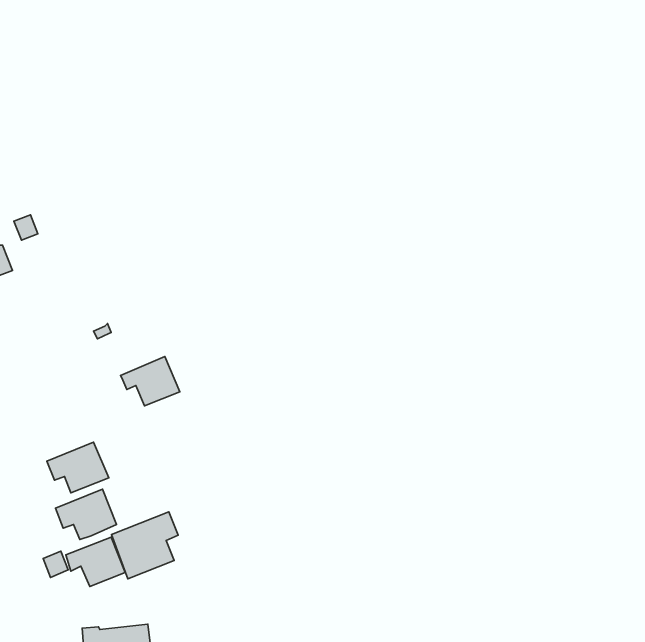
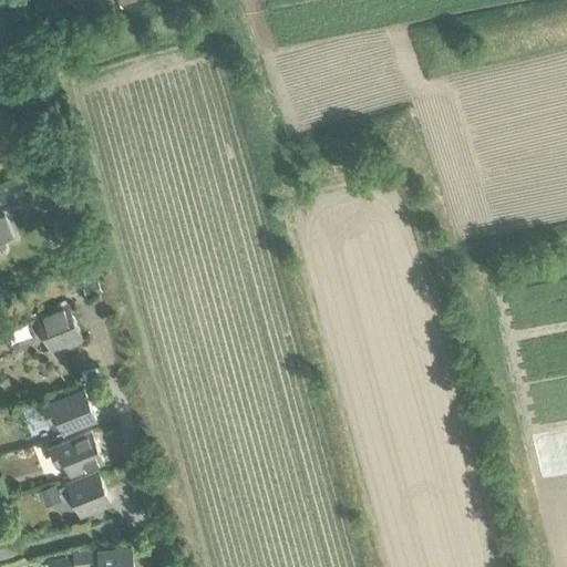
building: [120,356,180,406] -> [28,308,80,351]
building: [111,512,178,579] -> none

